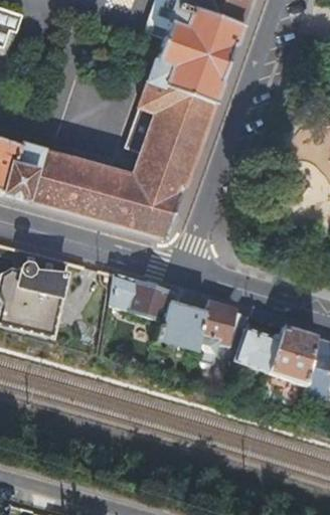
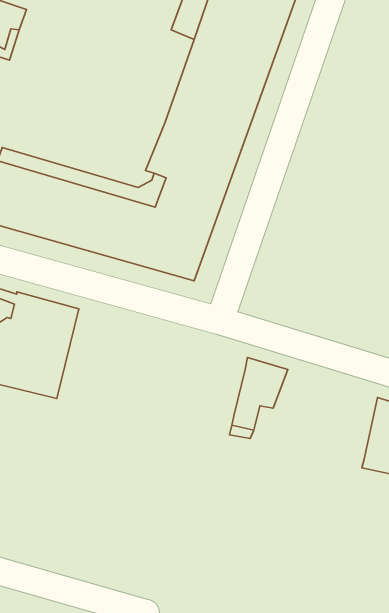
building: [108,273,206,349] -> none
building: [232,325,316,386] -> none

